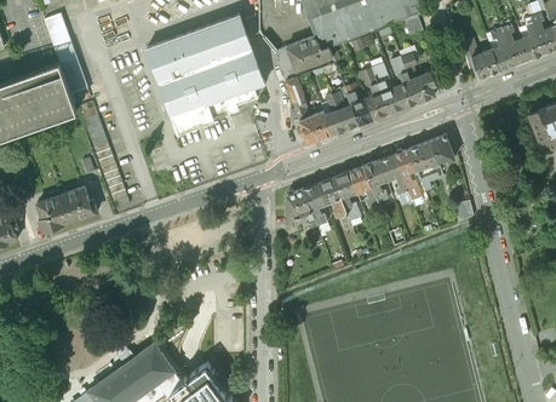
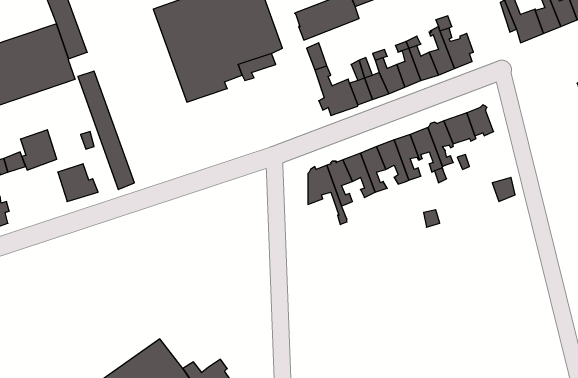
building: [36,194,69,230] -> [20,130,57,170]

